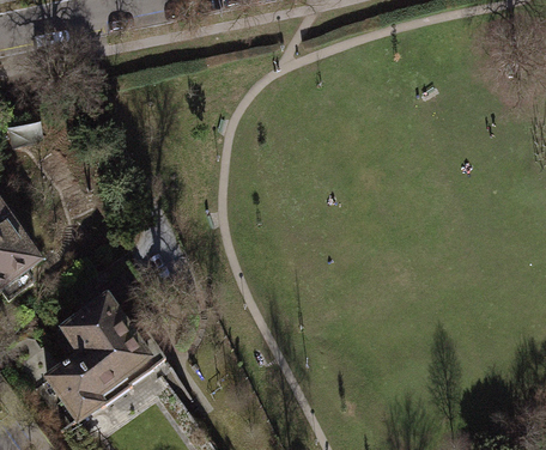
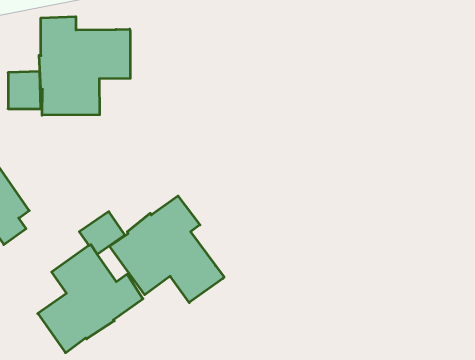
building: none -> [39,17,130,115]
building: none -> [110,196,224,303]

